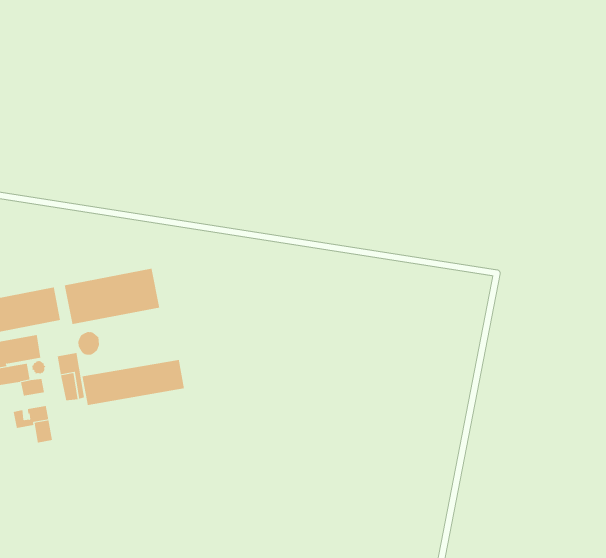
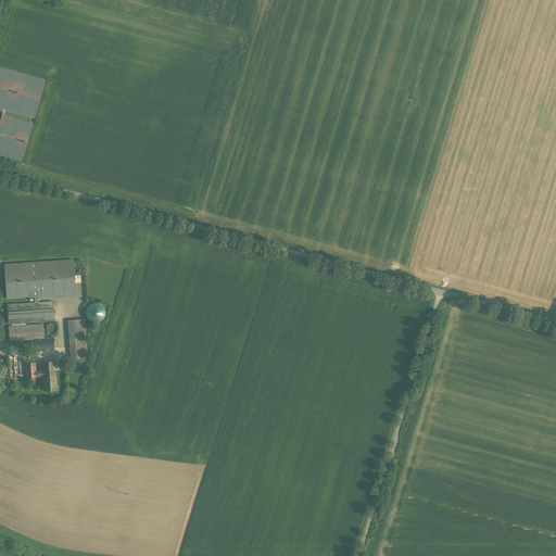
building: [64,268,160,325] -> none
building: [82,359,185,406] -> none

